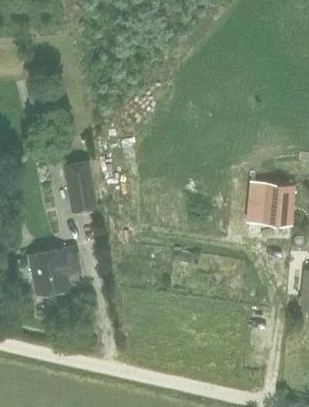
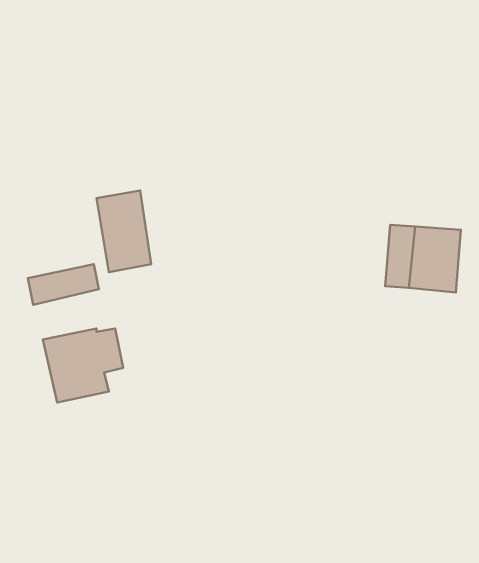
building: none -> [28,264,99,305]

